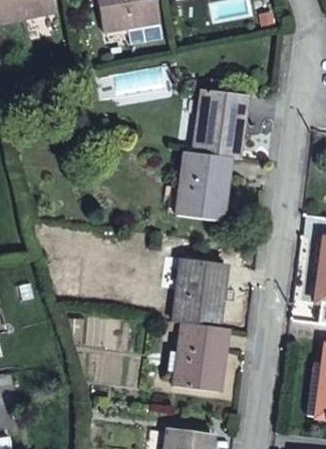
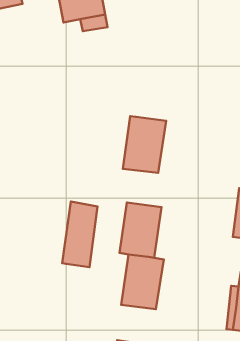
building: [195,85,248,154] -> none
building: none -> [62,202,97,267]

